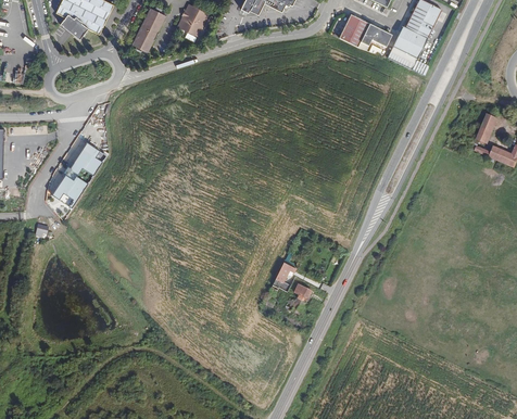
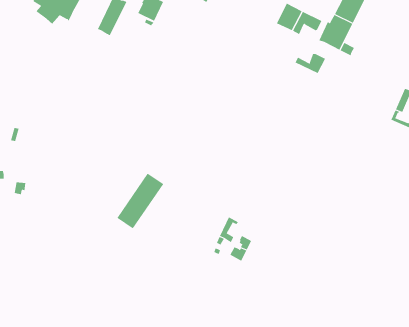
building: none -> [295,53,326,74]
building: [51,142,106,207] -> [116,173,164,229]

